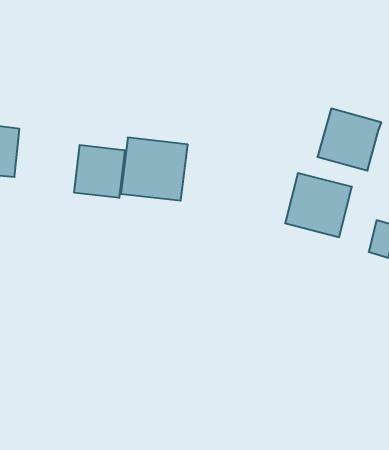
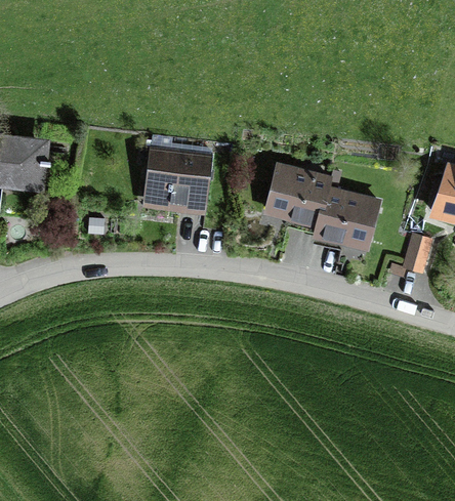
building: [317,109,381,171] -> [263,162,330,226]
building: [74,145,125,198] -> none

